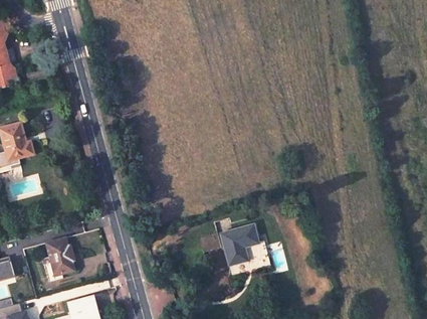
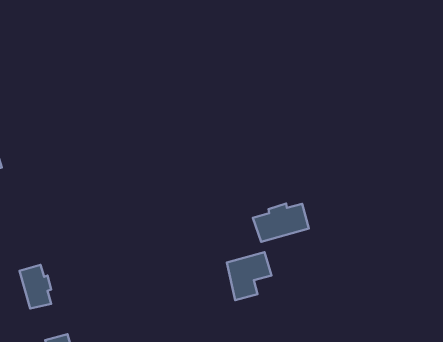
building: none -> [253,204,309,242]

